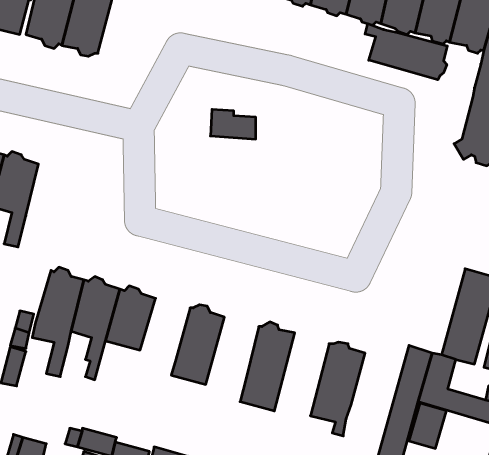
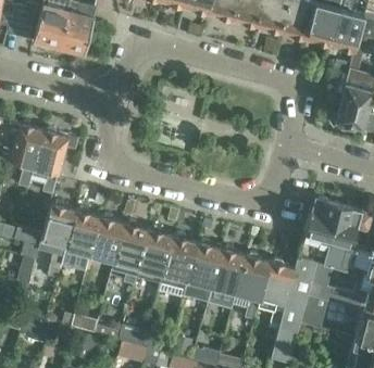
building: [365,24,447,80] -> none
building: none -> [34,129,68,196]
building: none -> [298,199,339,264]
building: none -> [111,223,148,285]
building: none -> [158,236,196,299]
building: none -> [207,249,245,309]
building: none -> [257,262,295,327]

